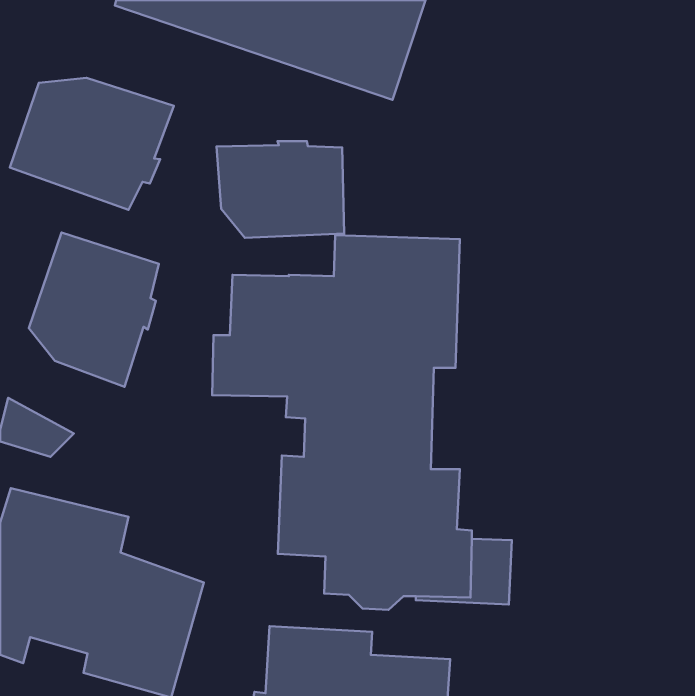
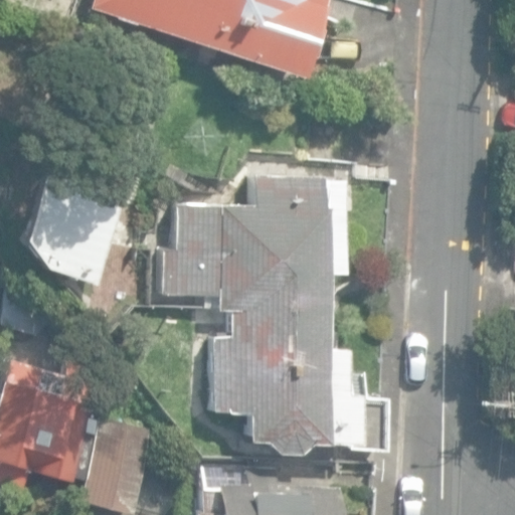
building: [10,78,174,210] -> none
building: [217,141,344,238] -> none

